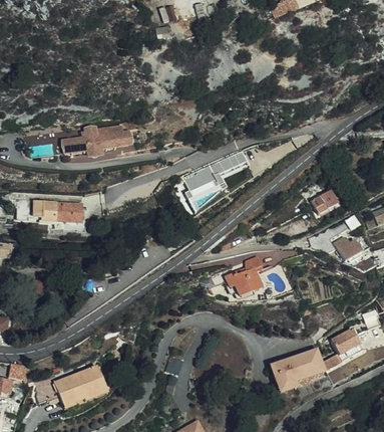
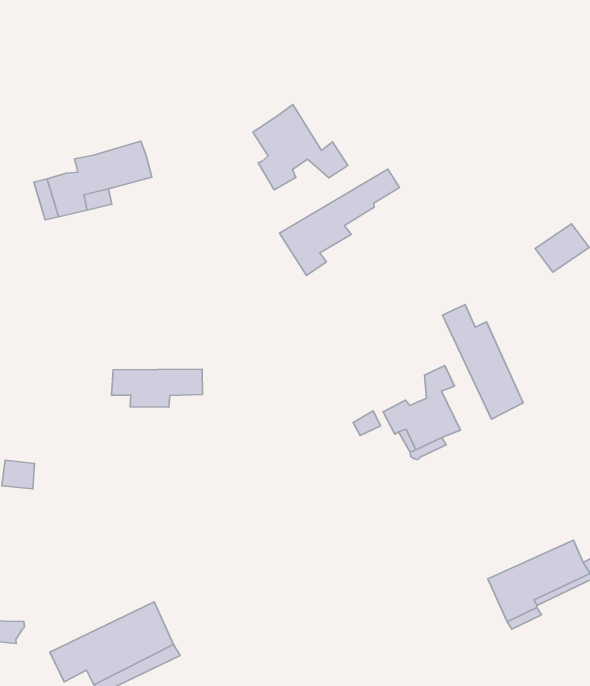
building: none -> [253,105,348,190]
building: [37,200,85,222] -> [111,369,203,407]
building: none -> [442,304,523,419]

